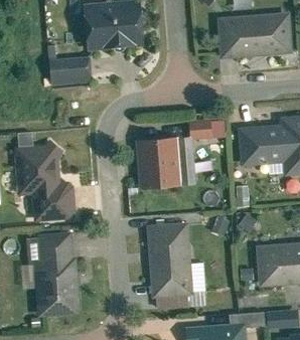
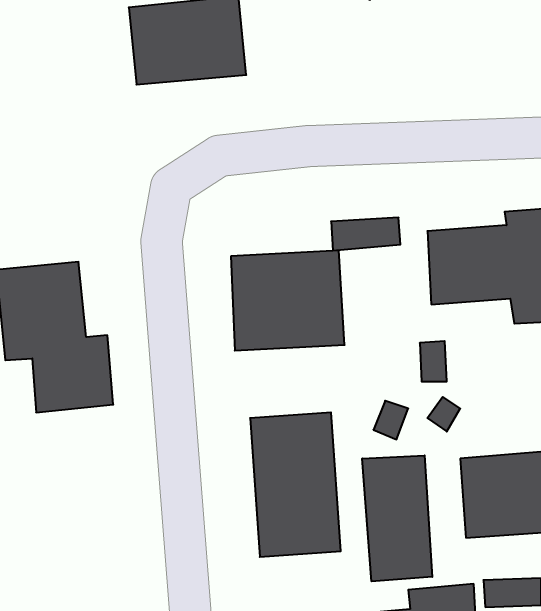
building: [218,12,292,58] -> none
building: [49,55,92,83] -> none
building: [33,232,81,316] -> none
building: none -> [362,455,432,581]

